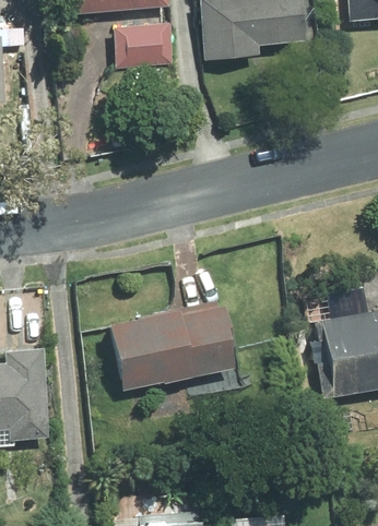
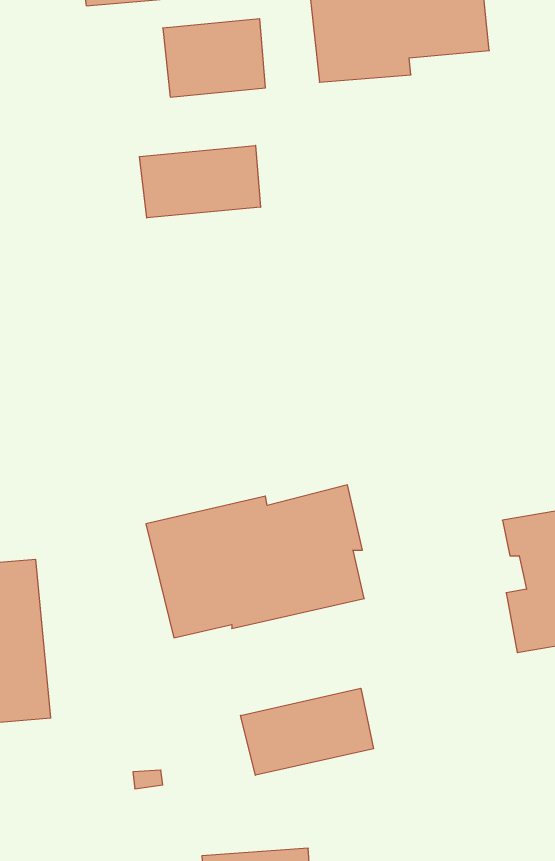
building: none -> [140,145,261,218]
building: none -> [241,688,373,775]

